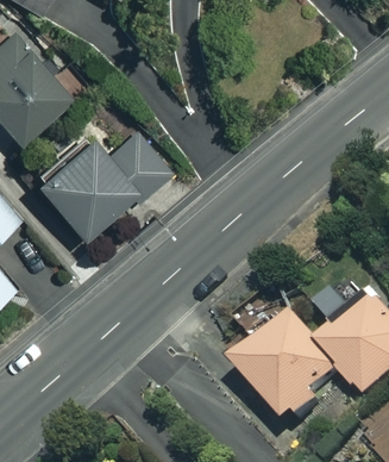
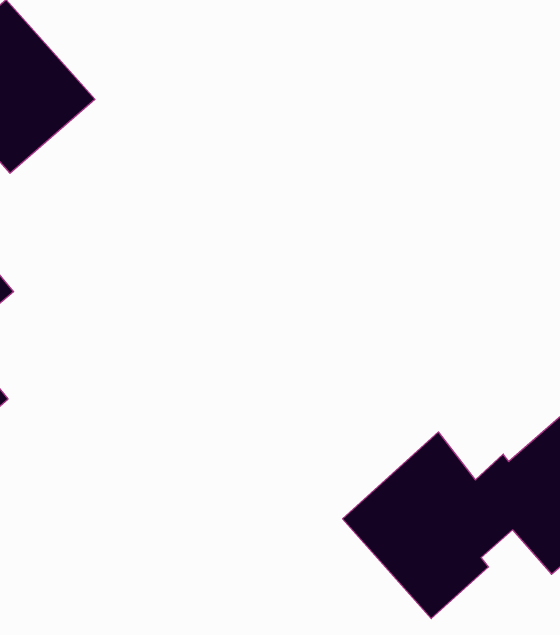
building: [30,123,174,235] -> none

